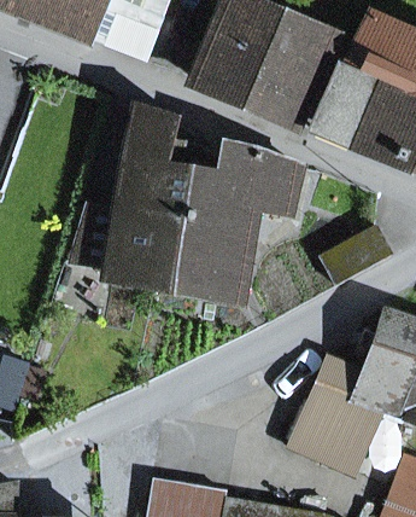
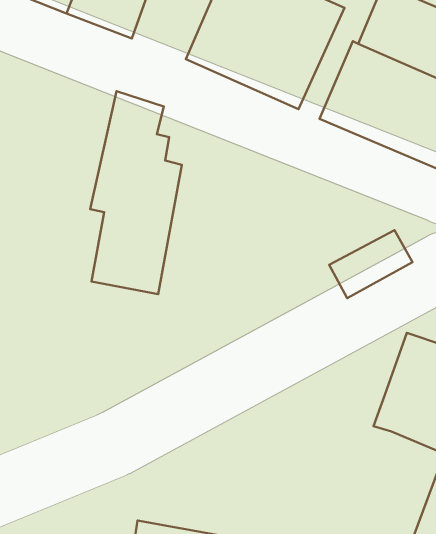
building: [170,144,299,294] -> none
building: [291,360,373,469] -> none

